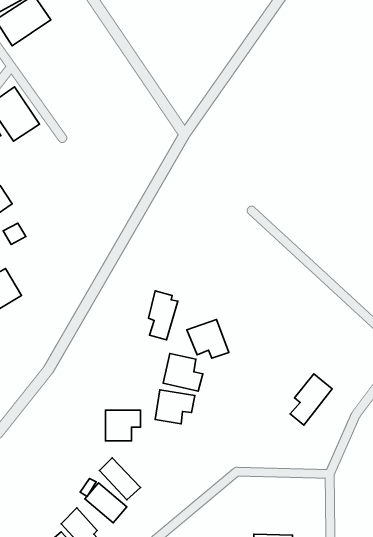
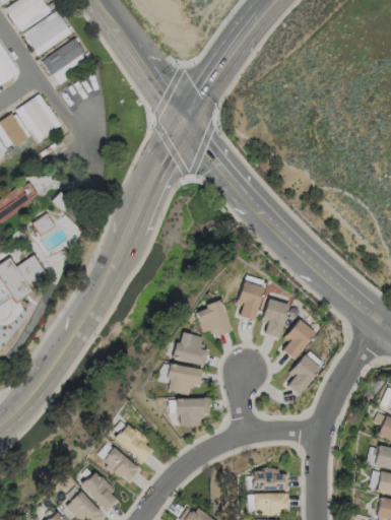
building: none -> [43,41,88,82]
building: [148,291,178,340] -> [238,276,264,320]
building: none -> [262,298,288,338]
building: none -> [281,319,316,360]
building: [105,410,141,441] -> [177,398,208,426]
building: none -> [251,469,287,490]

